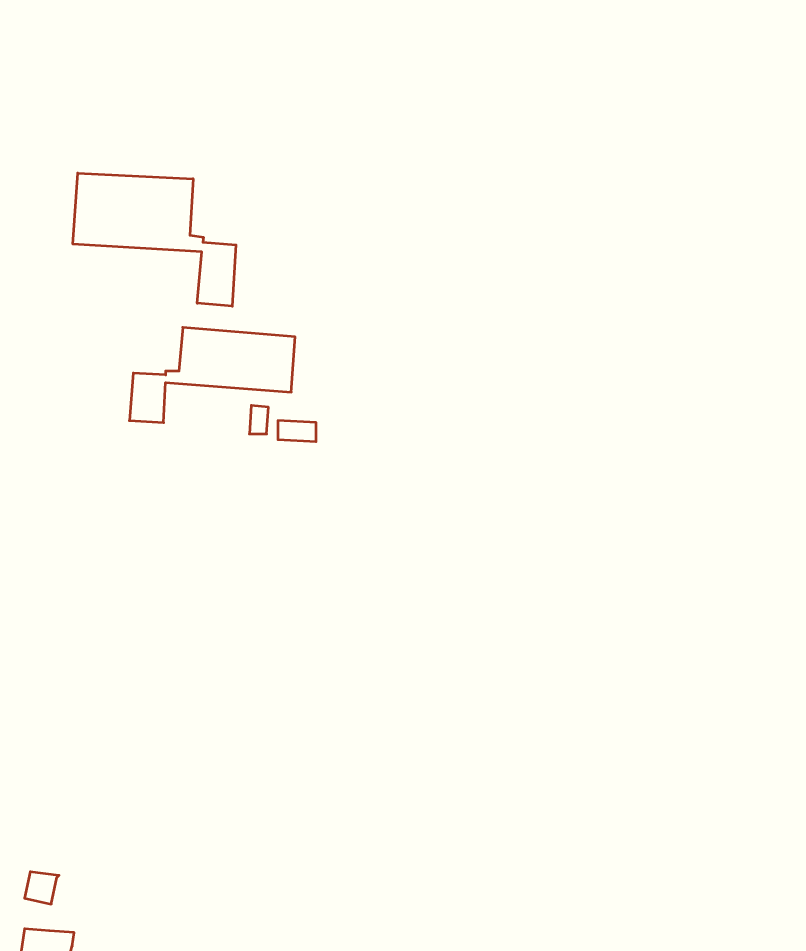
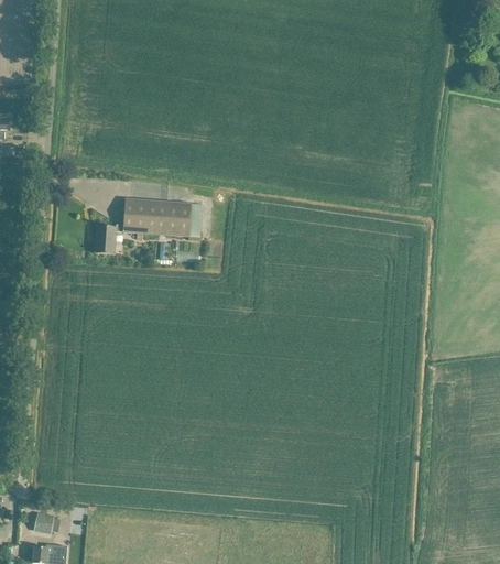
building: [73,173,236,306] -> none

